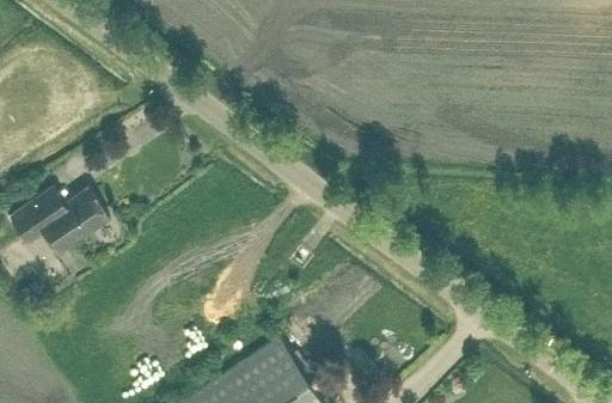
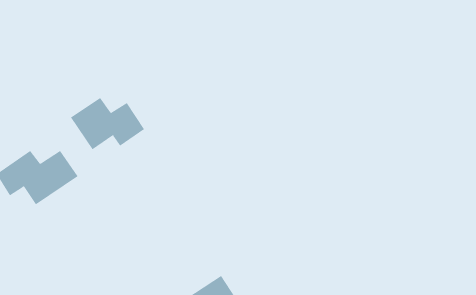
building: none -> [70,97,145,150]

